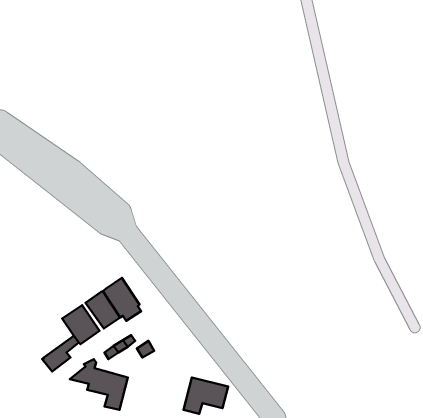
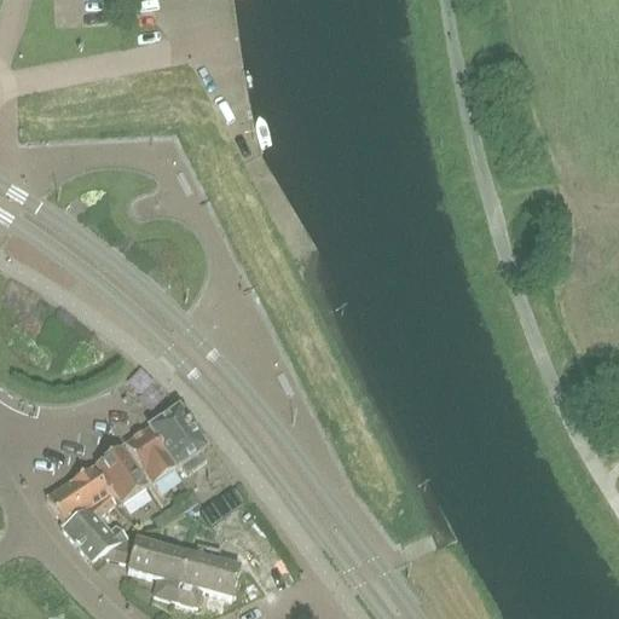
building: none -> [47,464,109,521]
building: none -> [77,521,126,560]
building: [183,377,228,414] -> [175,550,241,603]

